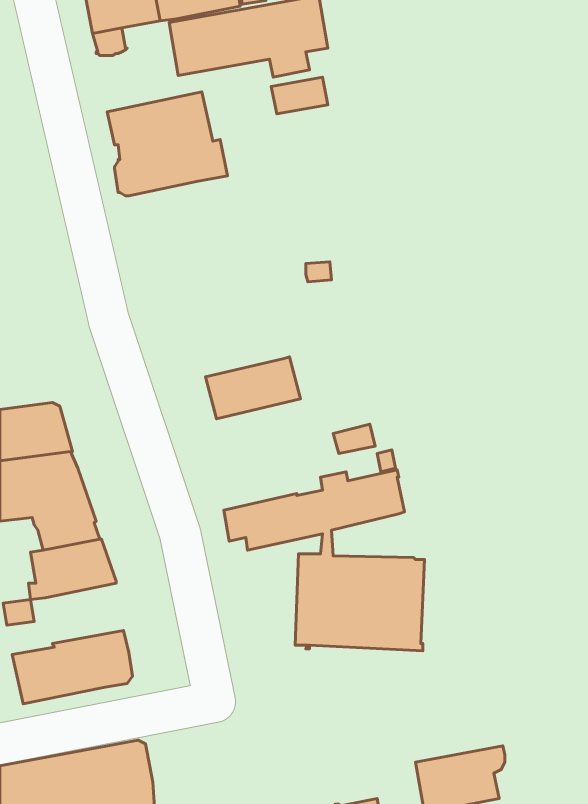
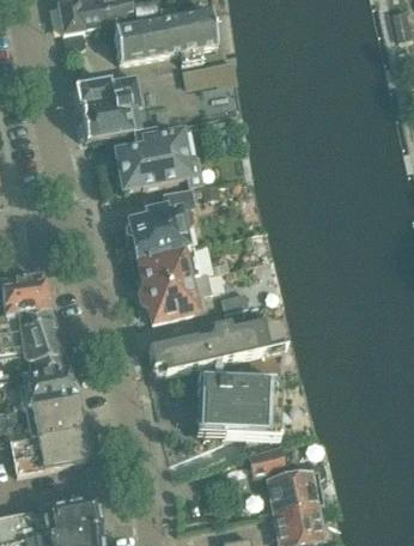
building: none -> [115,125,194,188]
building: none -> [124,186,195,259]
building: none -> [140,272,212,322]
building: none -> [31,394,85,433]
building: none -> [248,444,331,511]

